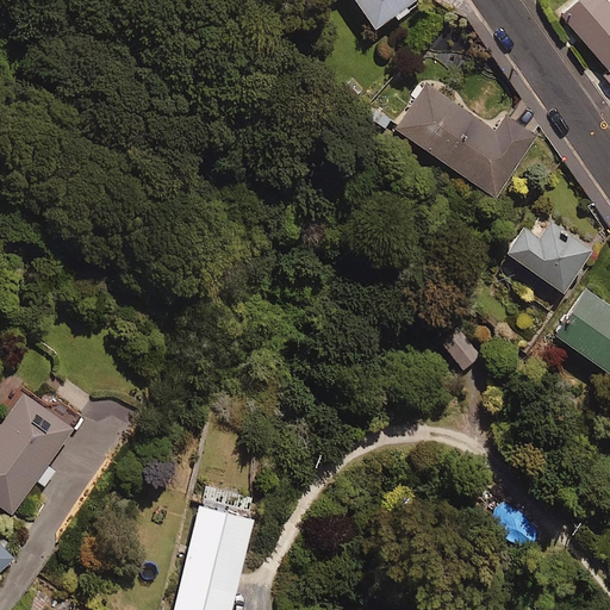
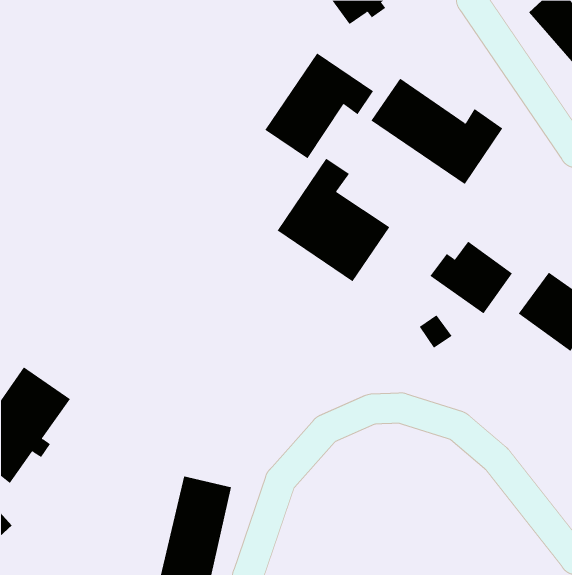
building: none -> [264,52,374,159]
building: none -> [277,158,390,282]
building: [505,214,593,292] -> [430,241,513,314]

